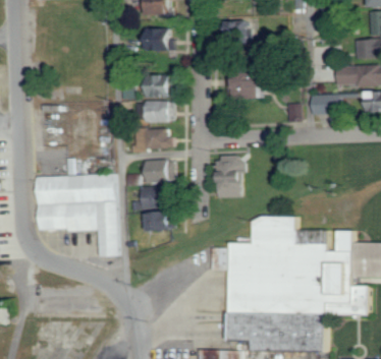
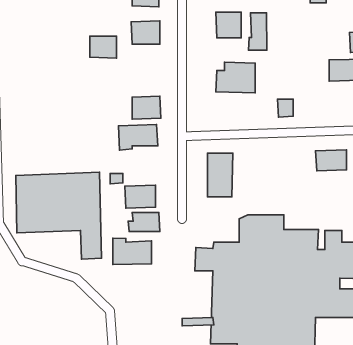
building: none -> [249,13,267,50]
building: [148,76,173,98] -> [90,36,116,58]
building: [310,95,339,115] -> [316,150,346,171]
building: [141,160,173,182] -> none
building: none -> [113,238,151,265]

